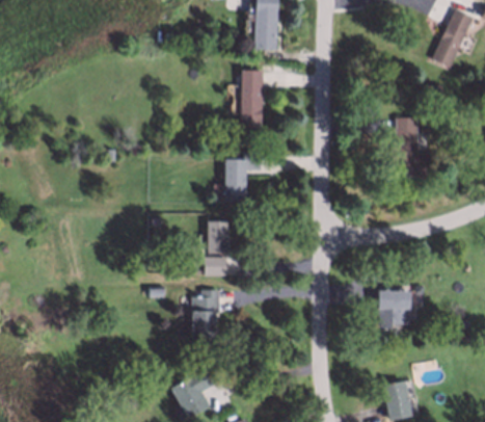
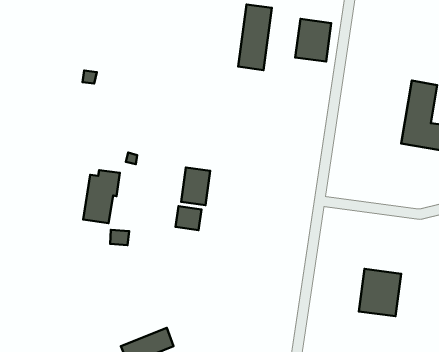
building: none -> [295,19,331,62]
building: [225,151,263,201] -> none
building: [193,290,220,336] -> [83,170,120,223]

